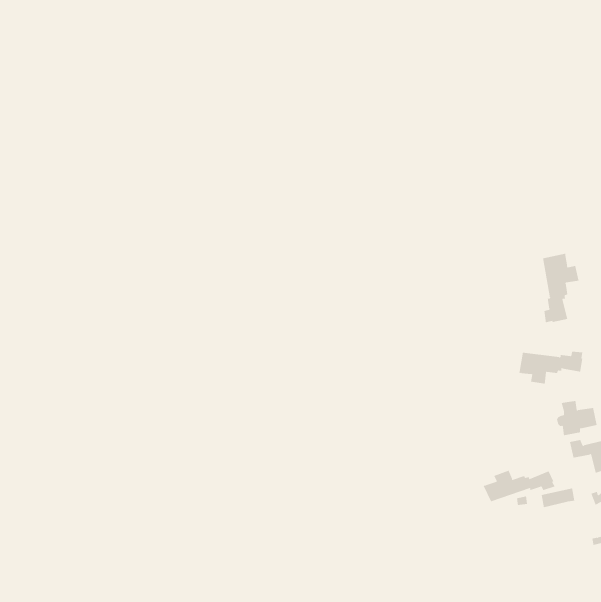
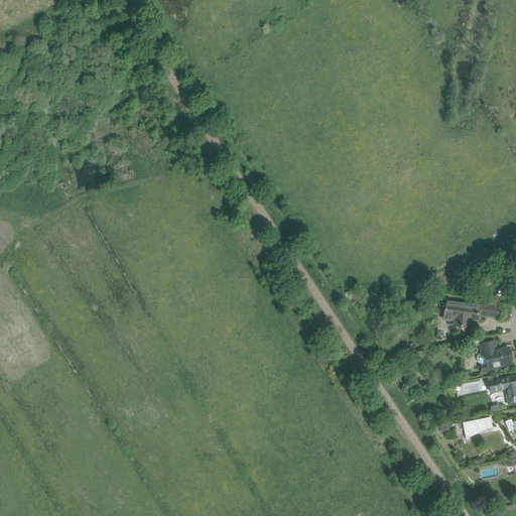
building: [542,253,579,323] -> none
building: [483,470,555,502] -> none

